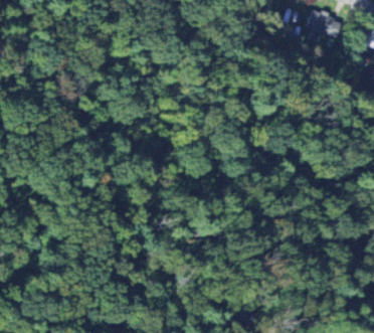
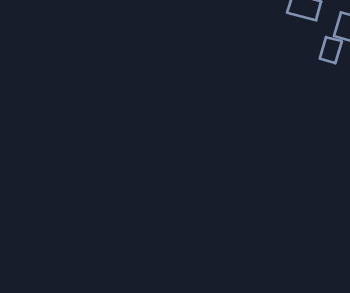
building: none -> [320,37,342,63]

